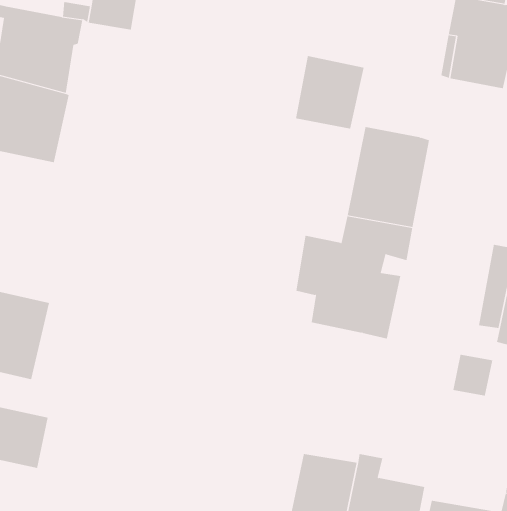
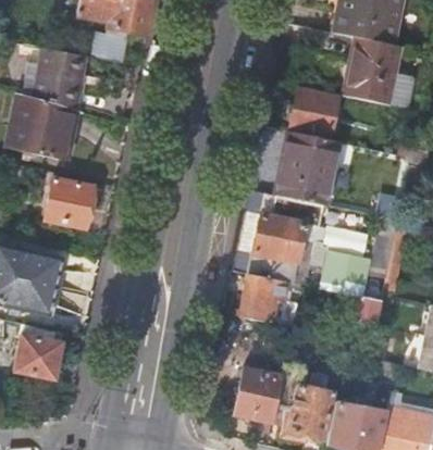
building: [295,55,364,129] -> [289,87,339,140]
building: none -> [46,178,95,227]
building: none -> [240,274,290,326]

